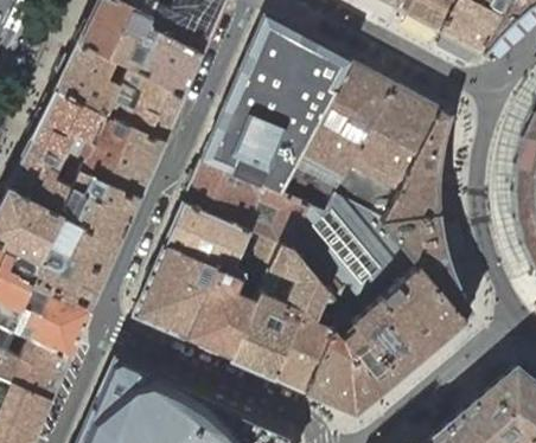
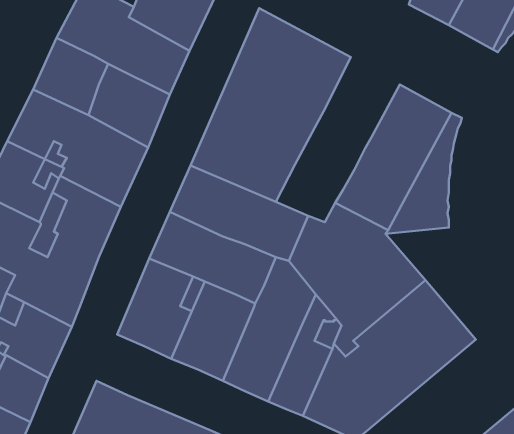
building: [280,62,394,213] -> none
building: [381,218,472,321] -> none

